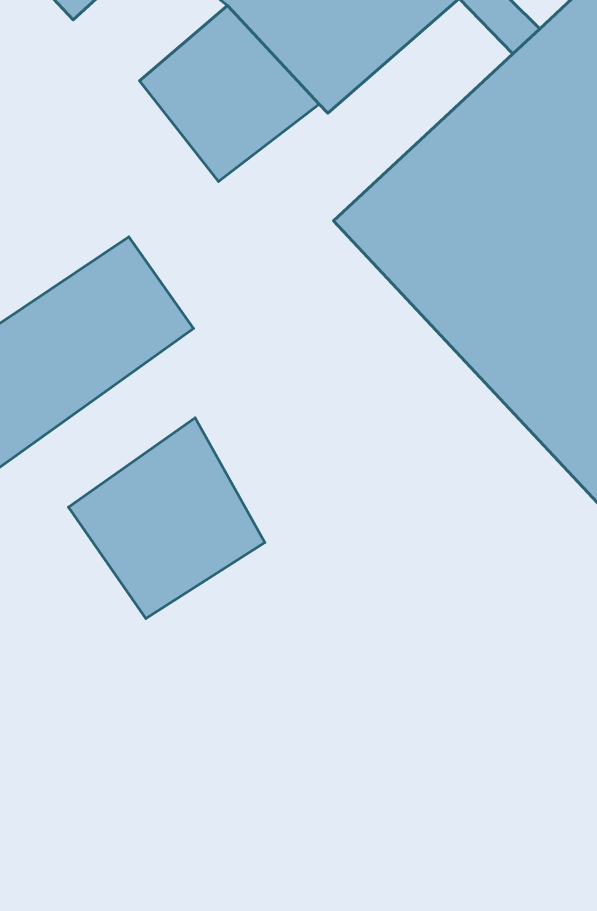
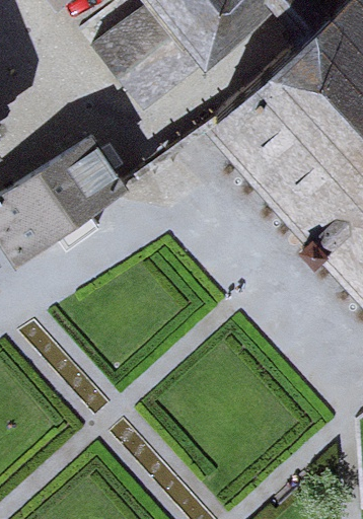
building: [69,418,265,619] -> none

